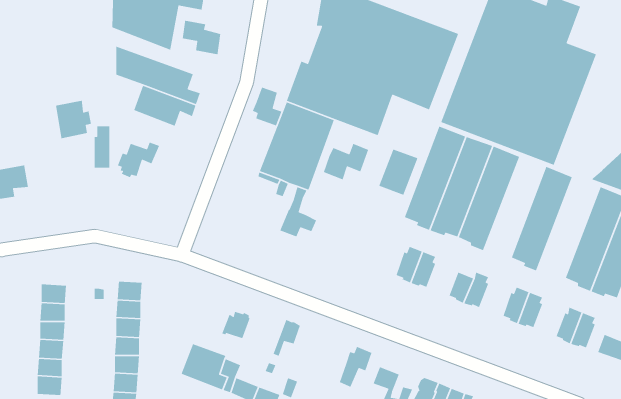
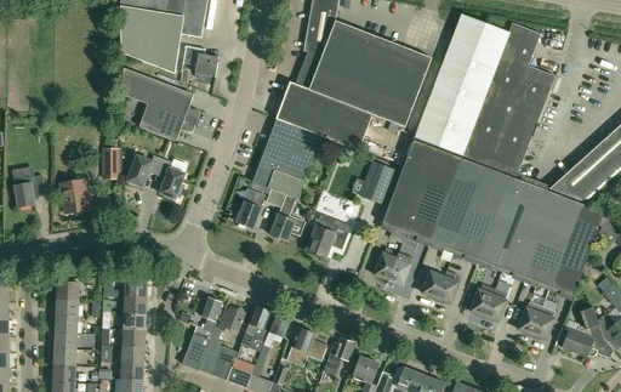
building: [252,87,282,126] -> none
building: [55,100,92,139] -> [61,178,93,214]
building: [323,143,369,181] -> [308,222,349,256]
building: none -> [156,158,184,200]
building: none -> [454,167,509,259]
building: none -> [501,186,558,277]
building: none -> [234,192,266,228]
building: none -> [193,295,223,343]
building: none -> [241,306,272,347]
building: none -> [290,328,326,362]

